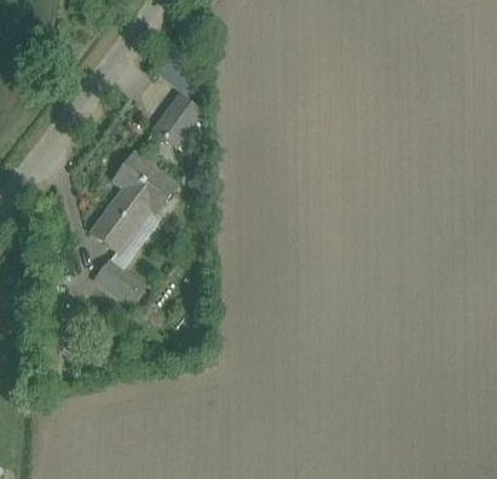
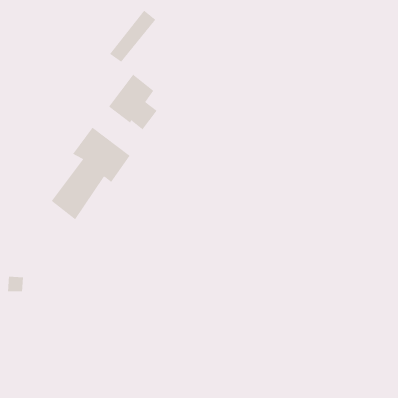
building: [96,260,141,304] -> none

